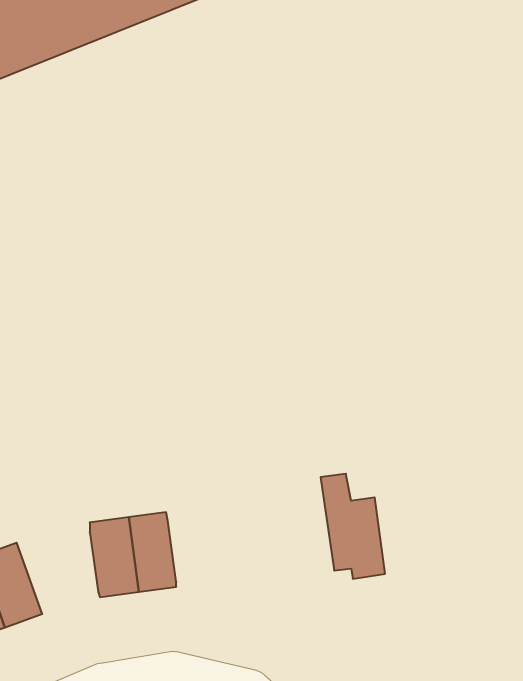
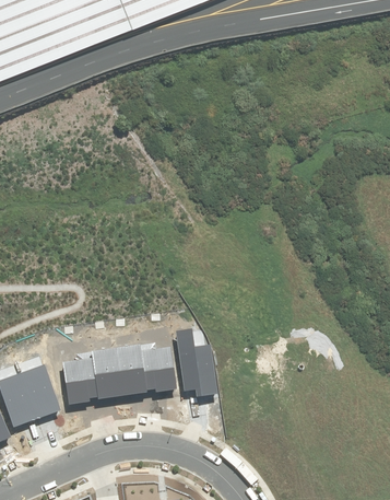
building: [321,474,385,579] -> [175,328,216,396]
building: none -> [141,346,176,391]
building: none -> [62,357,96,404]

